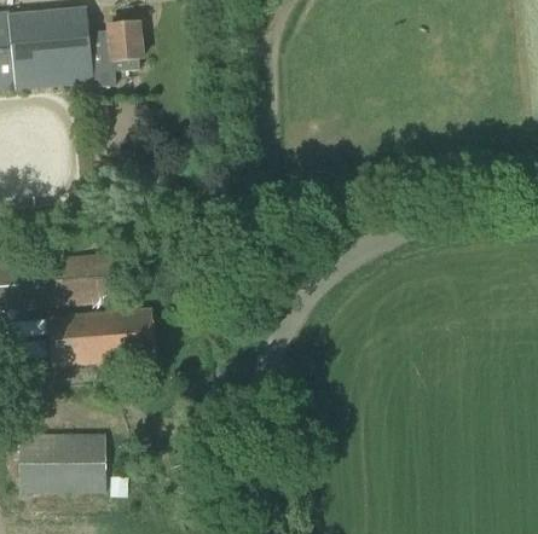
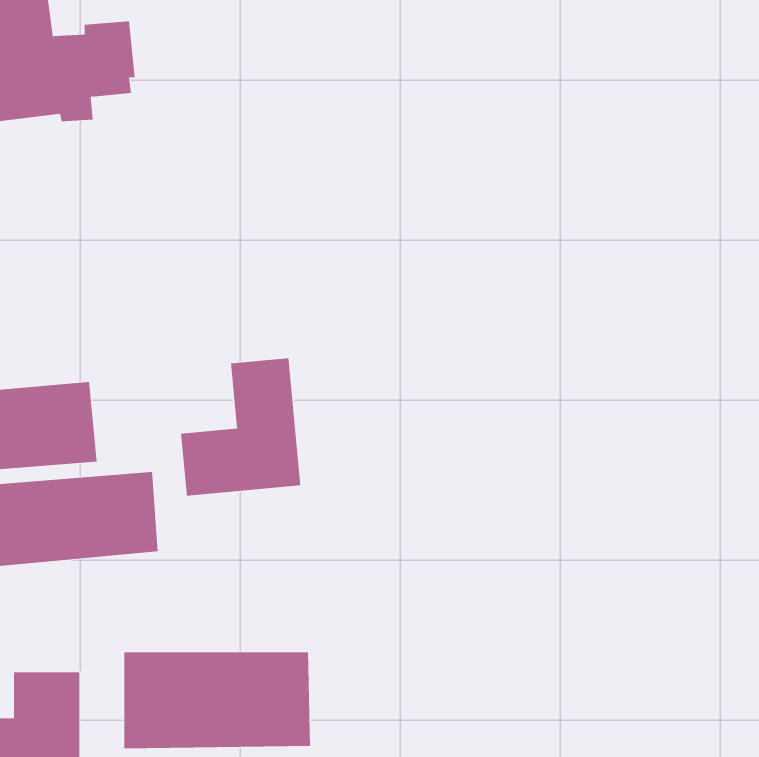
building: none -> [181,357,301,496]
building: none -> [124,651,311,749]

